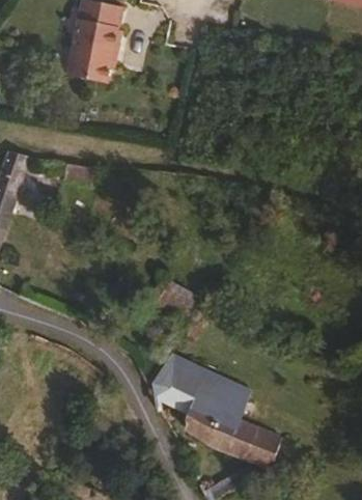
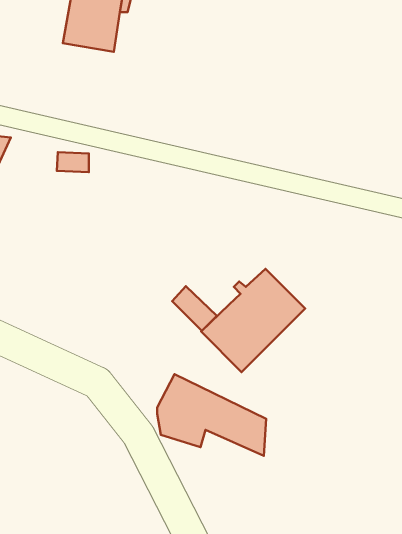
building: none -> [201,269,305,372]
building: [184,398,279,469] -> none

